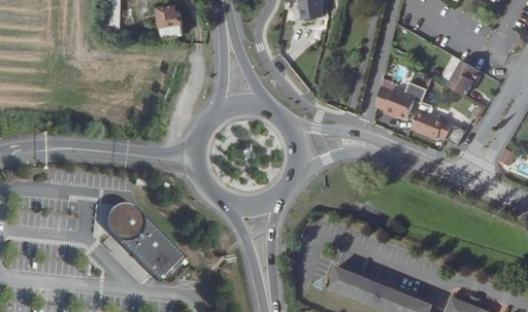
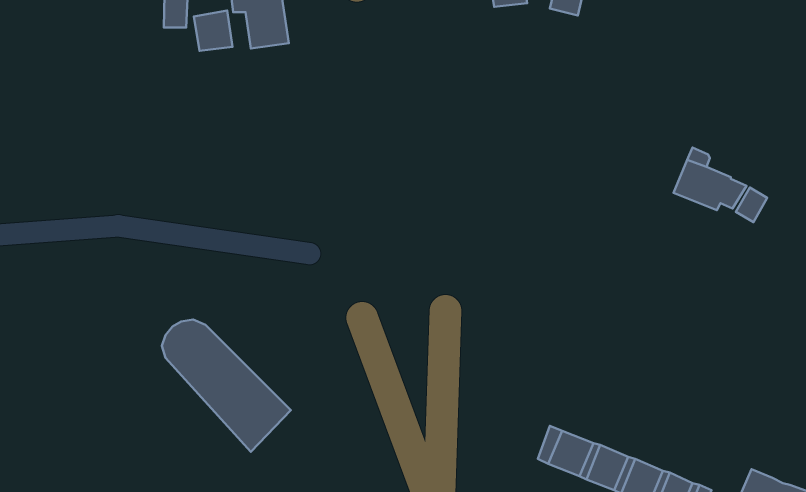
building: none -> [194,11,232,51]
building: [448,60,482,95] -> none
building: [376,84,416,117] -> none

